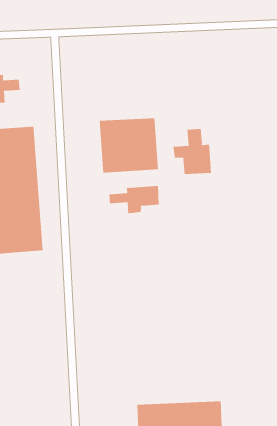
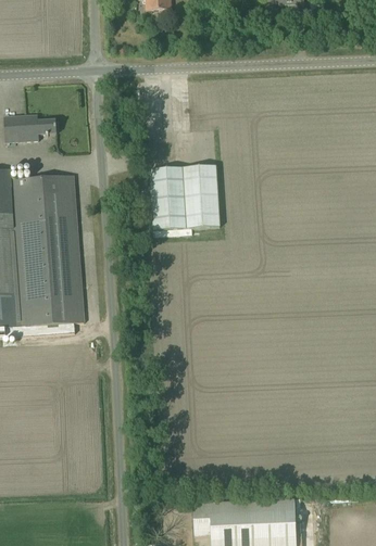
building: [173,128,211,175] -> none
building: [109,185,159,214] -> none

